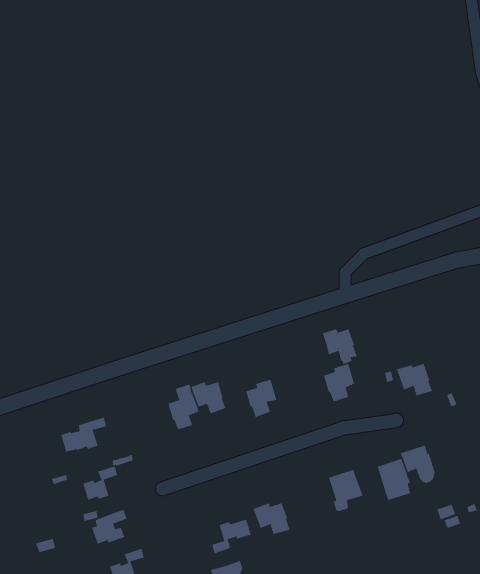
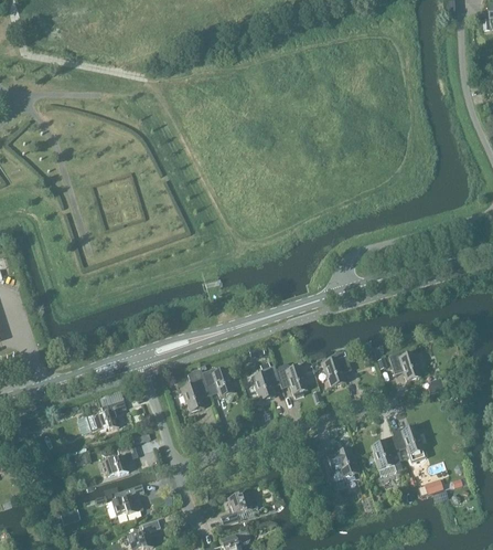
building: [322,328,357,365] -> [276,364,308,398]
building: [253,502,290,535] -> none

